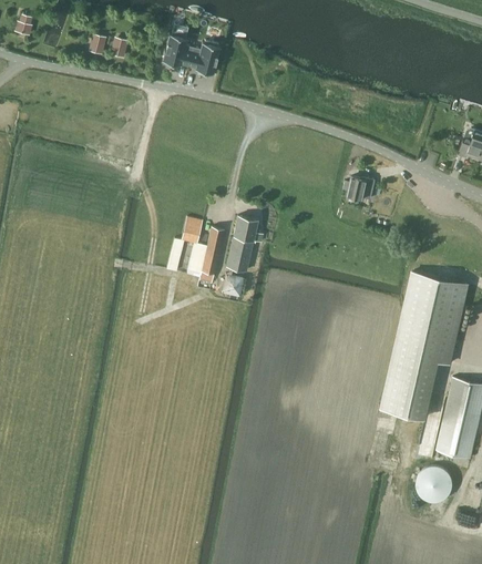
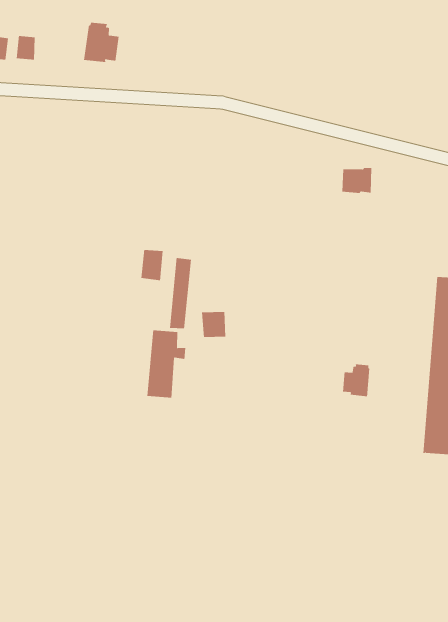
building: [186,43,217,76] -> none
building: [225,217,261,273] -> [146,330,186,398]
building: none -> [343,363,370,397]

